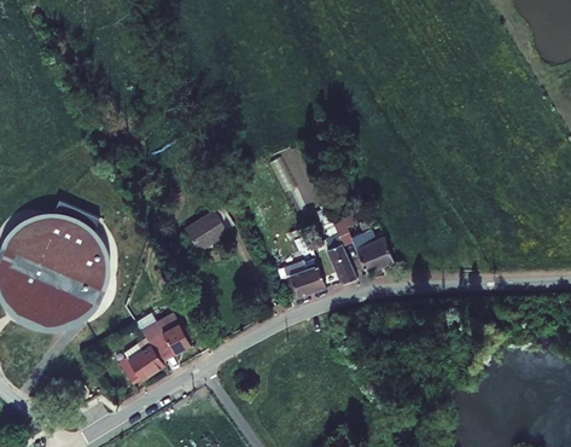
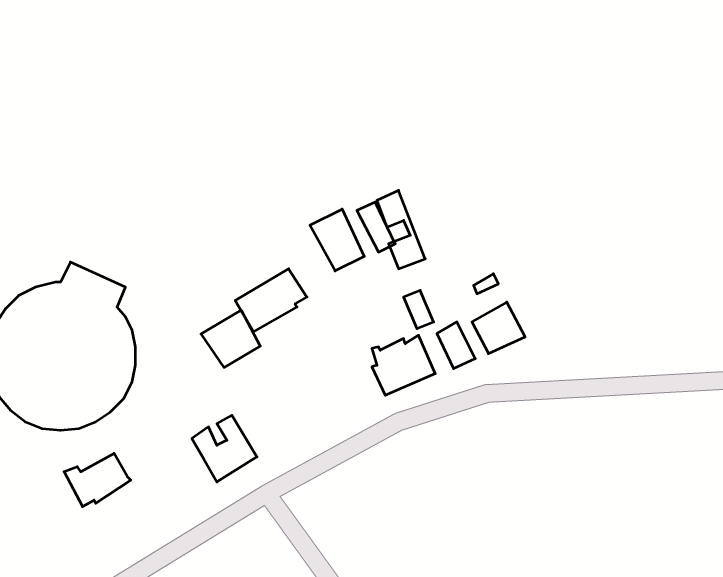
building: none -> [310,209,364,271]
building: none -> [201,310,260,367]
building: [118,346,167,384] -> [64,453,131,507]

